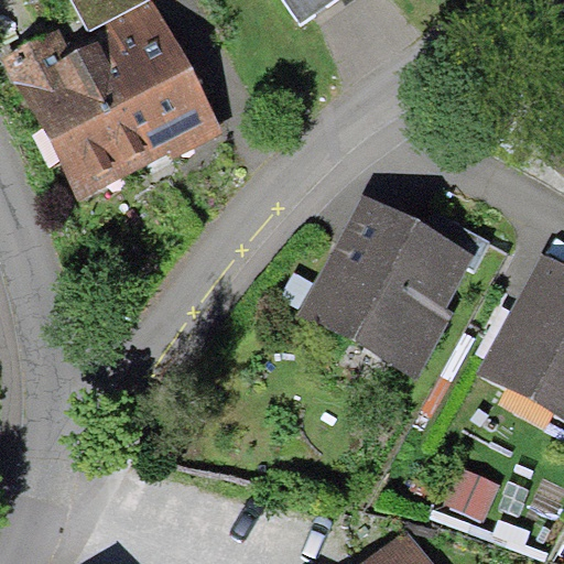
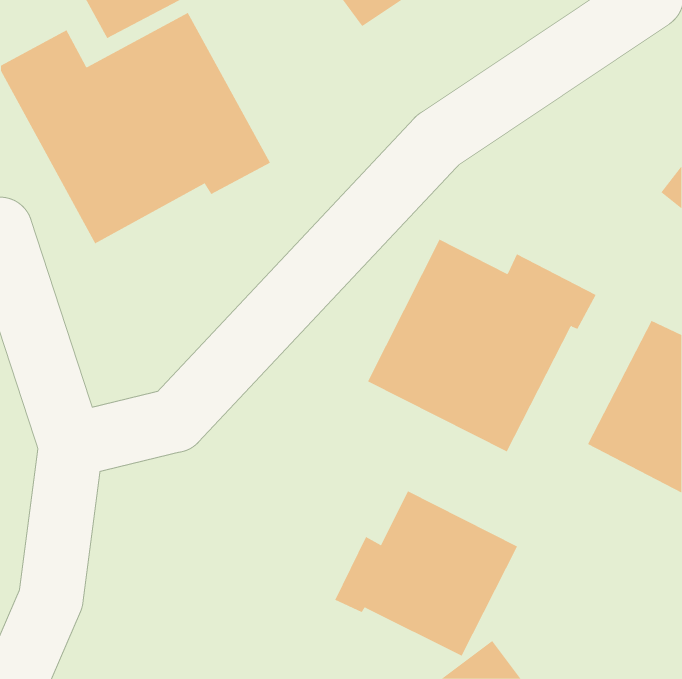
building: none -> [334,491,518,657]

